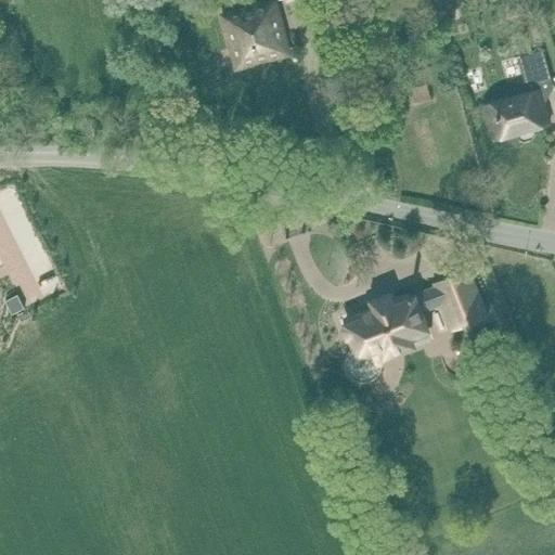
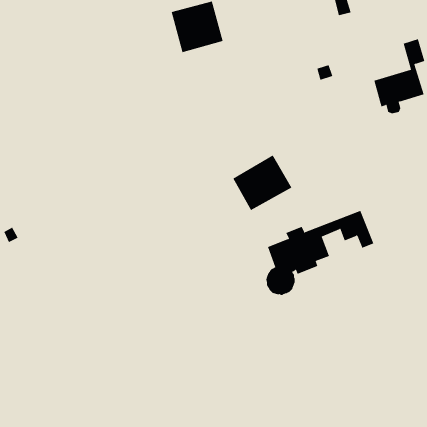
building: none -> [232,155,292,211]

